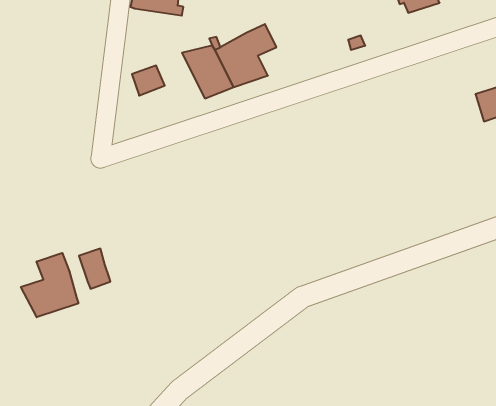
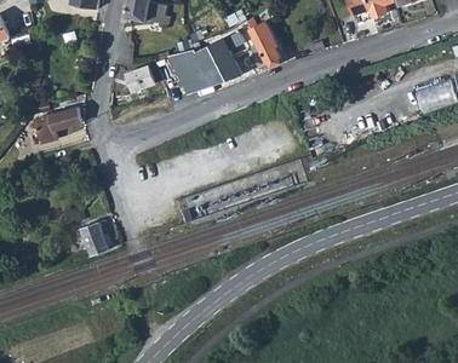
building: none -> [246,16,281,67]
building: none -> [35,106,82,142]
building: [21,253,78,317] -> none

